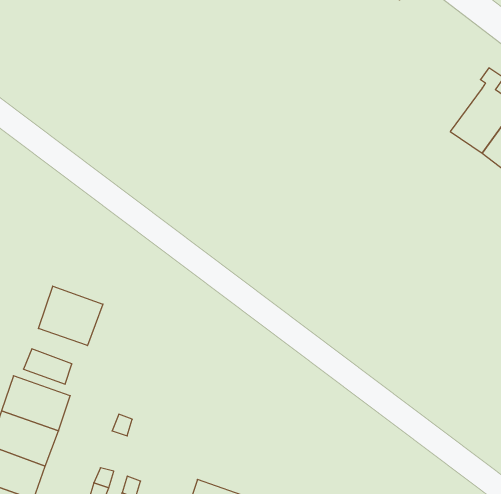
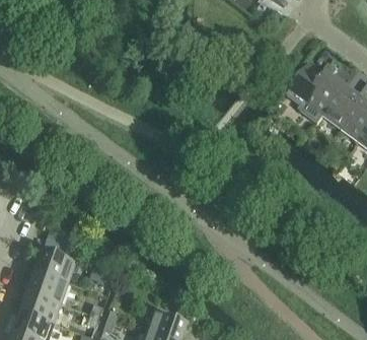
building: none -> [286,62,324,104]
building: [38,286,103,346] -> none

